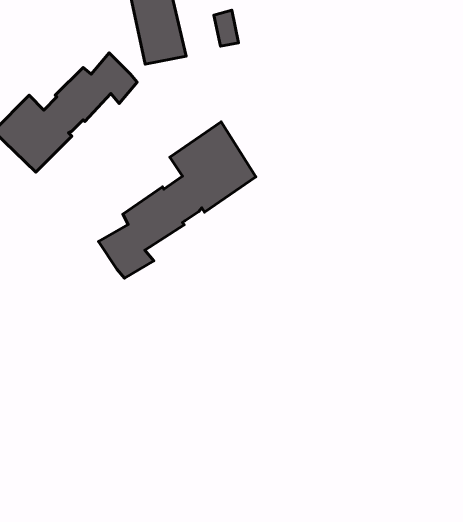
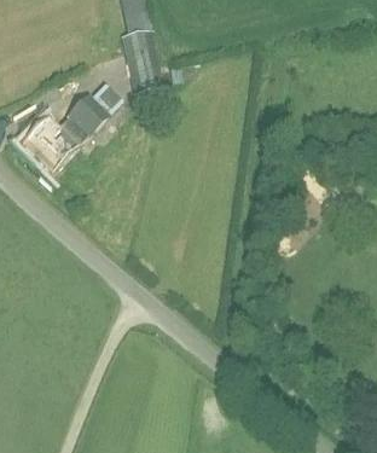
building: [99,122,256,278] -> none

